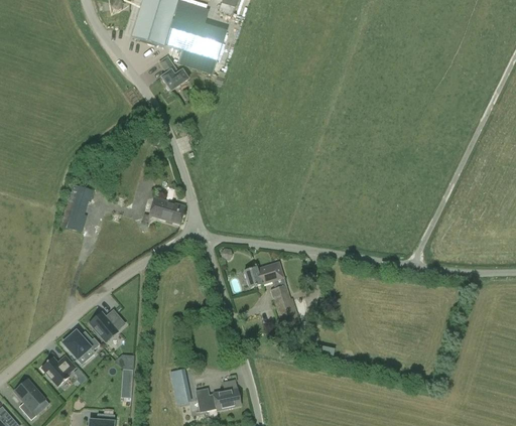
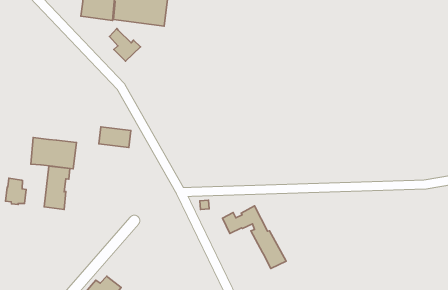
building: none -> [31,137,76,169]
building: none -> [6,178,26,205]
building: [149,197,184,224] -> [99,127,131,147]

